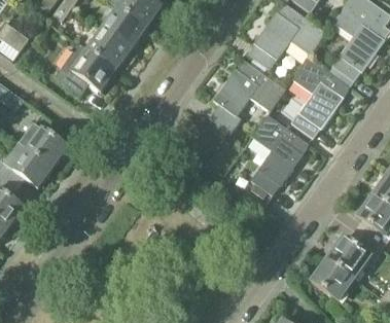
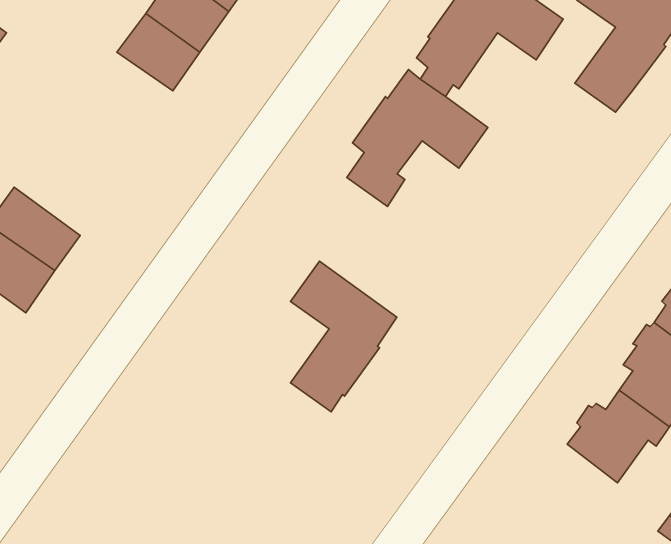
building: [55,45,116,96] -> none
building: [290,58,348,139] -> none
building: [250,115,307,195] -> [290,261,397,412]
building: [310,259,353,301] -> none

